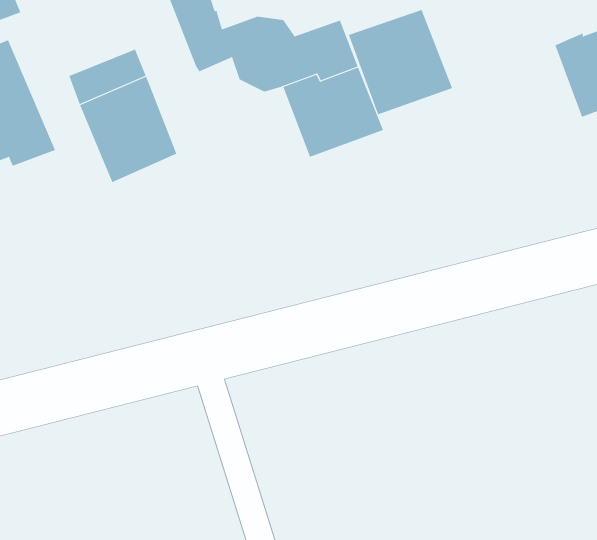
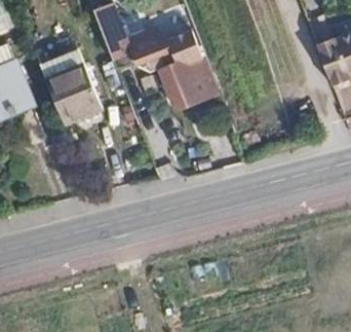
building: [348,9,453,115] -> none

